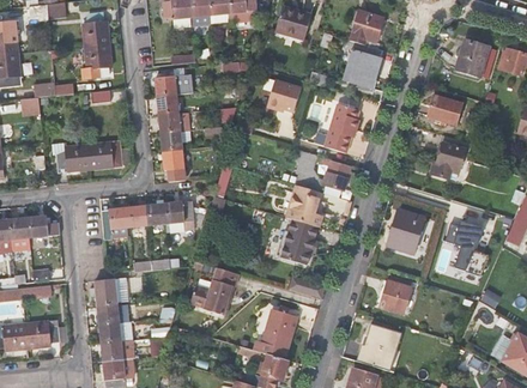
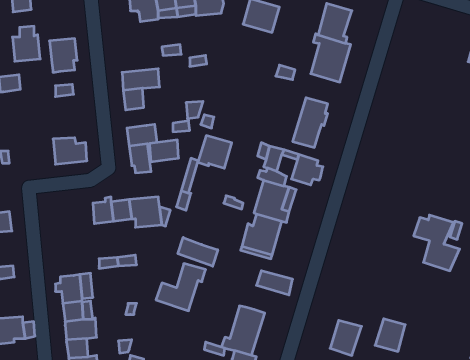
building: [81,12,109,47] -> [12,26,40,61]
building: [456,40,487,75] -> none
building: [266,79,299,111] -> [198,136,232,168]
building: [426,95,462,125] -> none
building: [159,111,188,133] -> [150,140,179,162]
building: [430,134,472,178] -> none
building: [50,143,90,172] -> none
building: [101,204,129,238] -> none
building: [387,210,423,251] -> none
building: none -> [178,237,218,266]
building: [380,280,410,313] -> [375,319,405,351]

